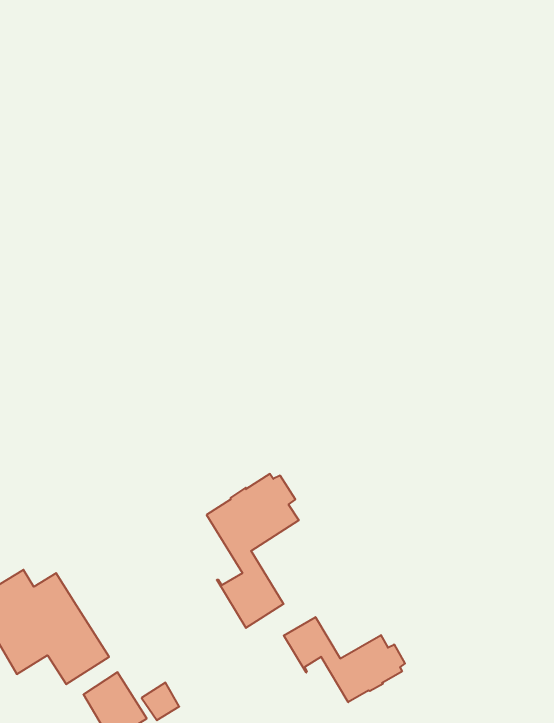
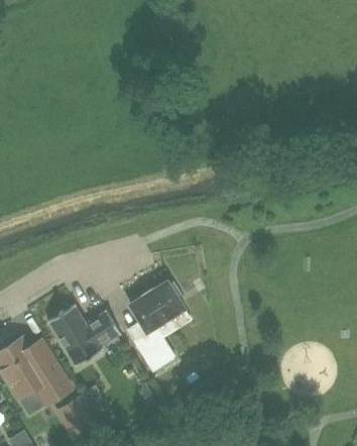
building: none -> [46,304,120,365]
building: [284,617,405,702] -> none

